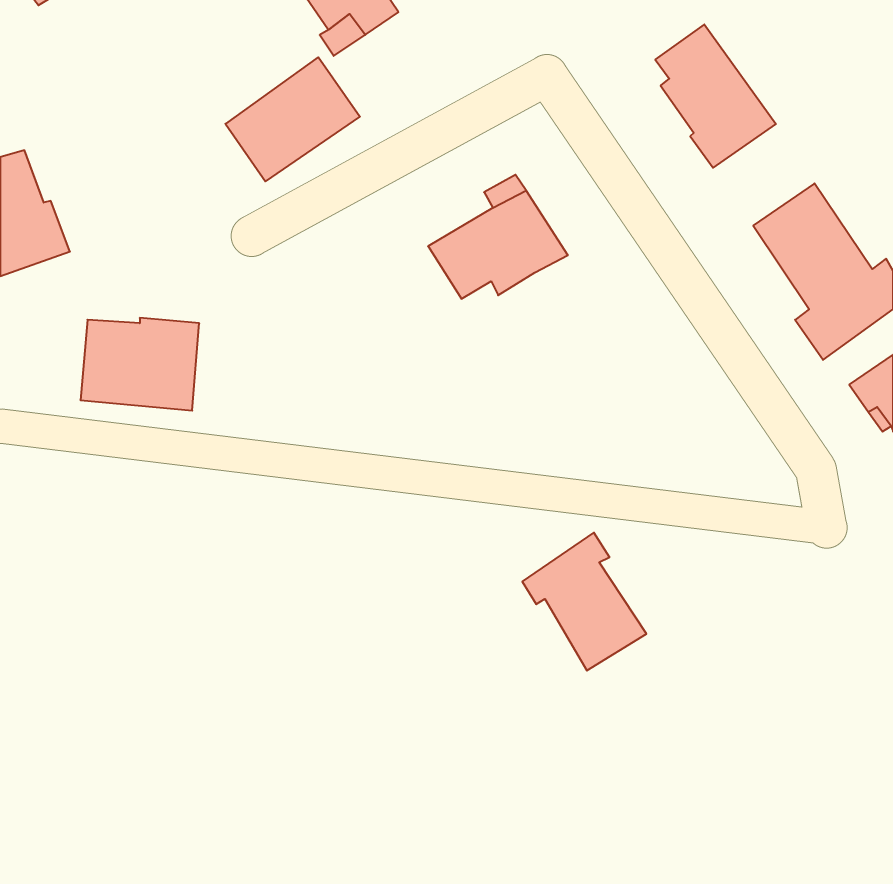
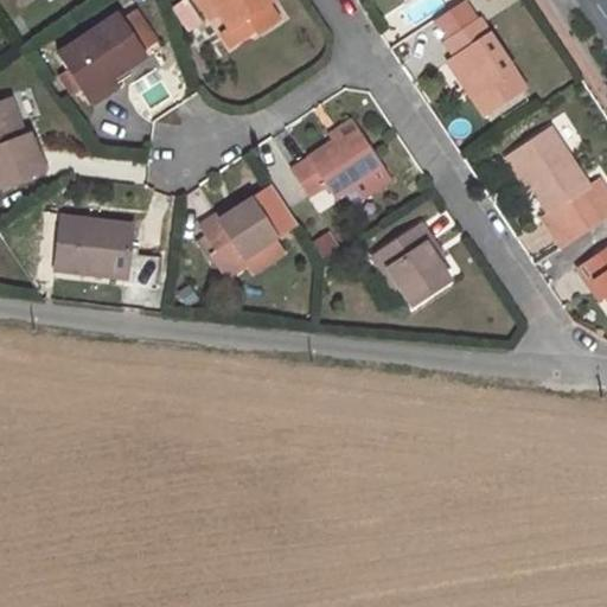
building: [225,57,360,181] -> [65,17,156,101]
building: none -> [200,193,285,280]
building: [522,533,646,671] -> [372,223,456,317]

